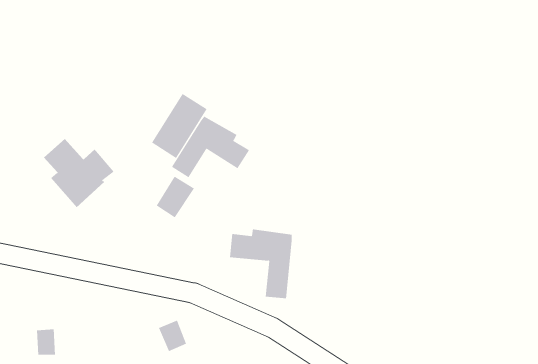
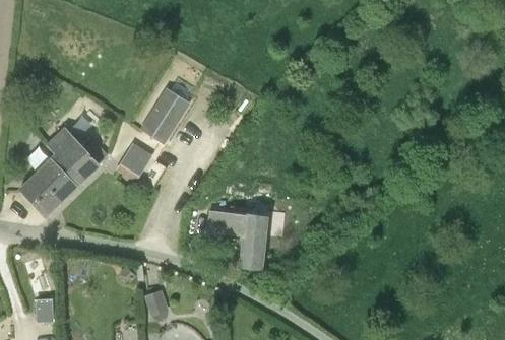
building: [171,116,250,178] -> none
building: [156,176,195,218] -> [117,145,151,183]
building: none -> [19,162,74,217]

